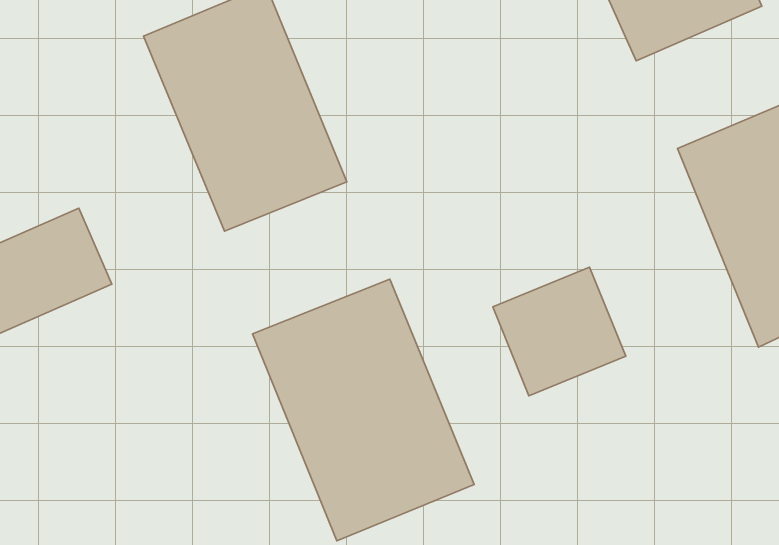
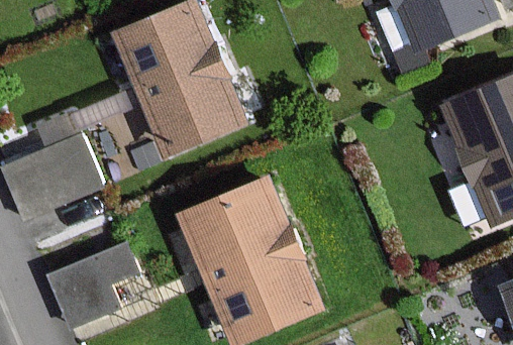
building: [493,267,626,396] -> none
building: none -> [49,243,135,324]

